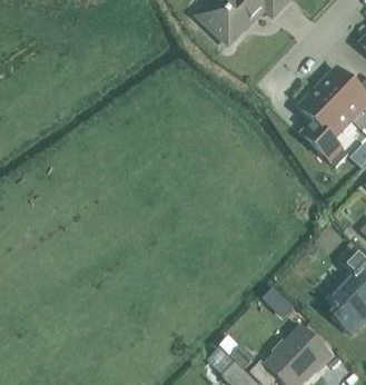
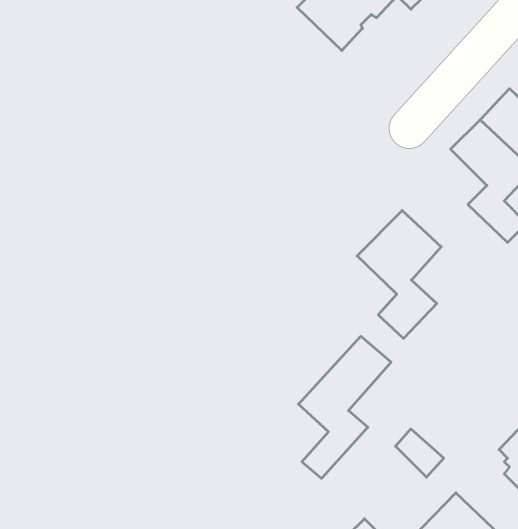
building: none -> [357,210,441,338]
building: none -> [298,336,391,478]

